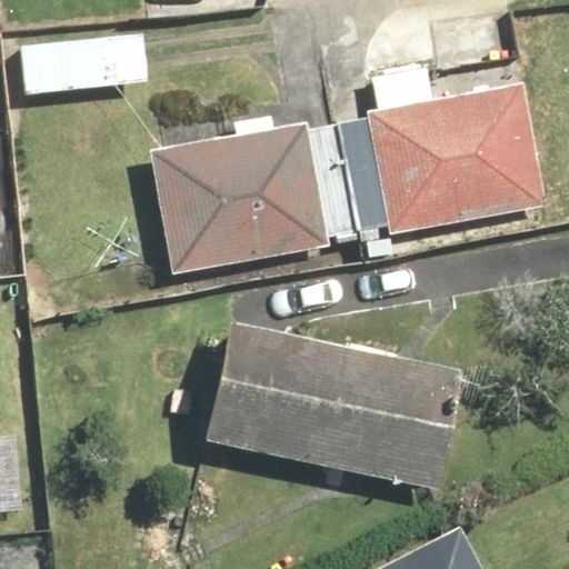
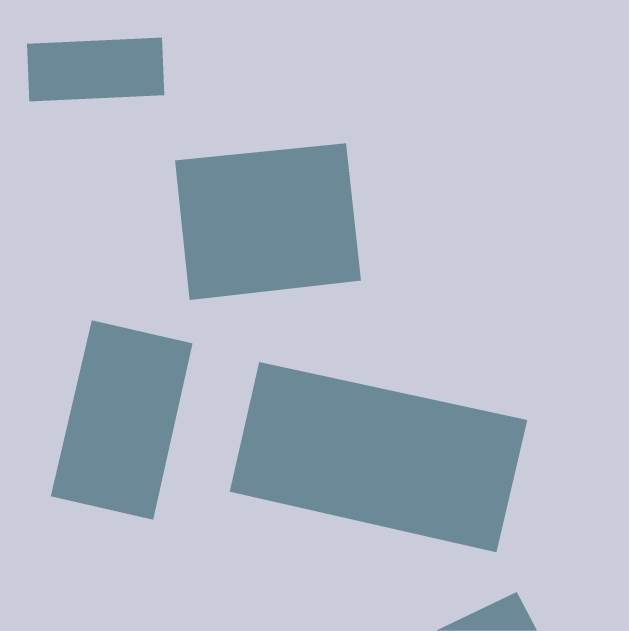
building: [369,71,538,221] -> none
building: none -> [50,320,193,520]

